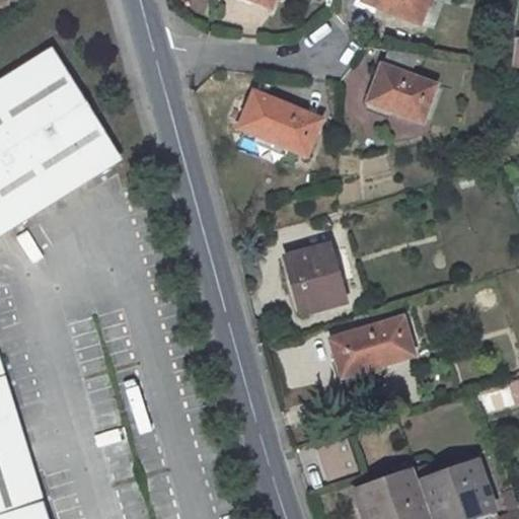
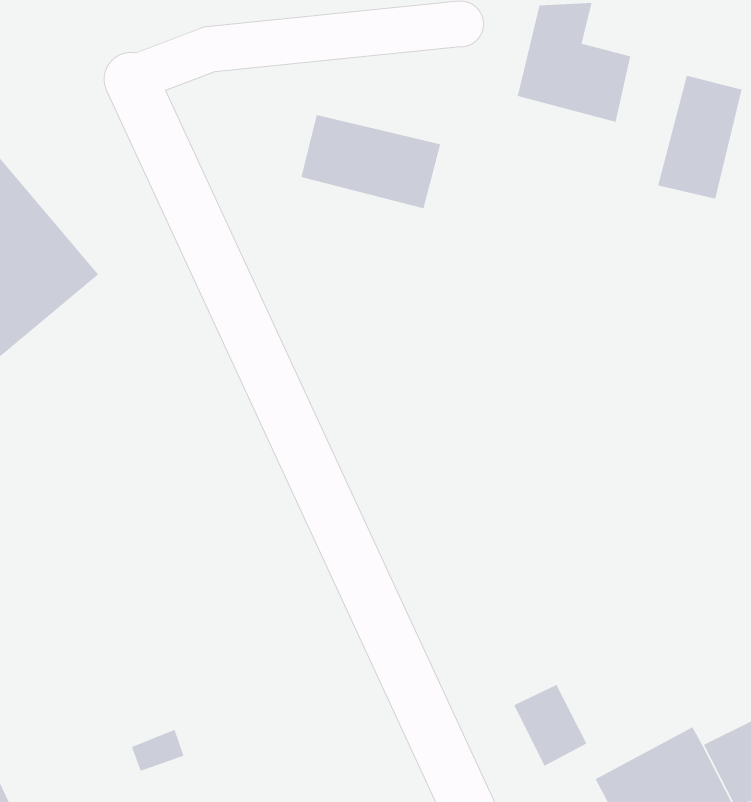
building: none -> [657,75,743,200]
building: [286,241,346,313] -> none
building: [330,316,415,375] -> none

